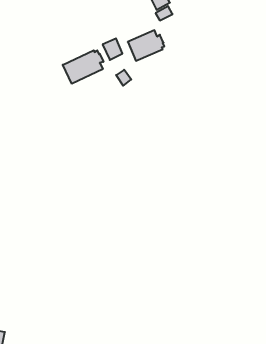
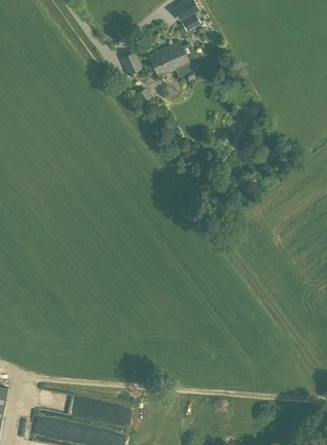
building: [63,50,103,84] -> none

